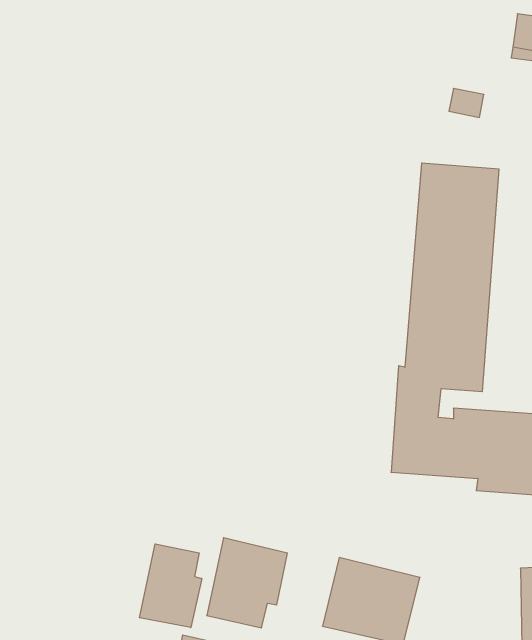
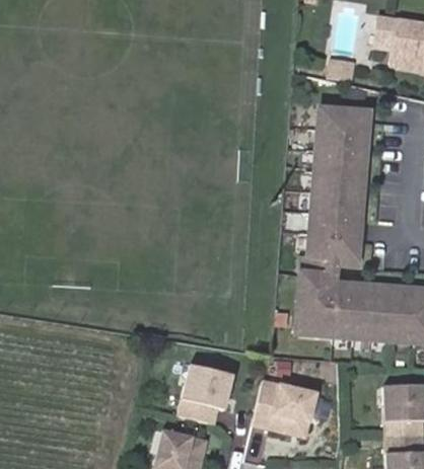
building: [139,544,202,628] -> none

